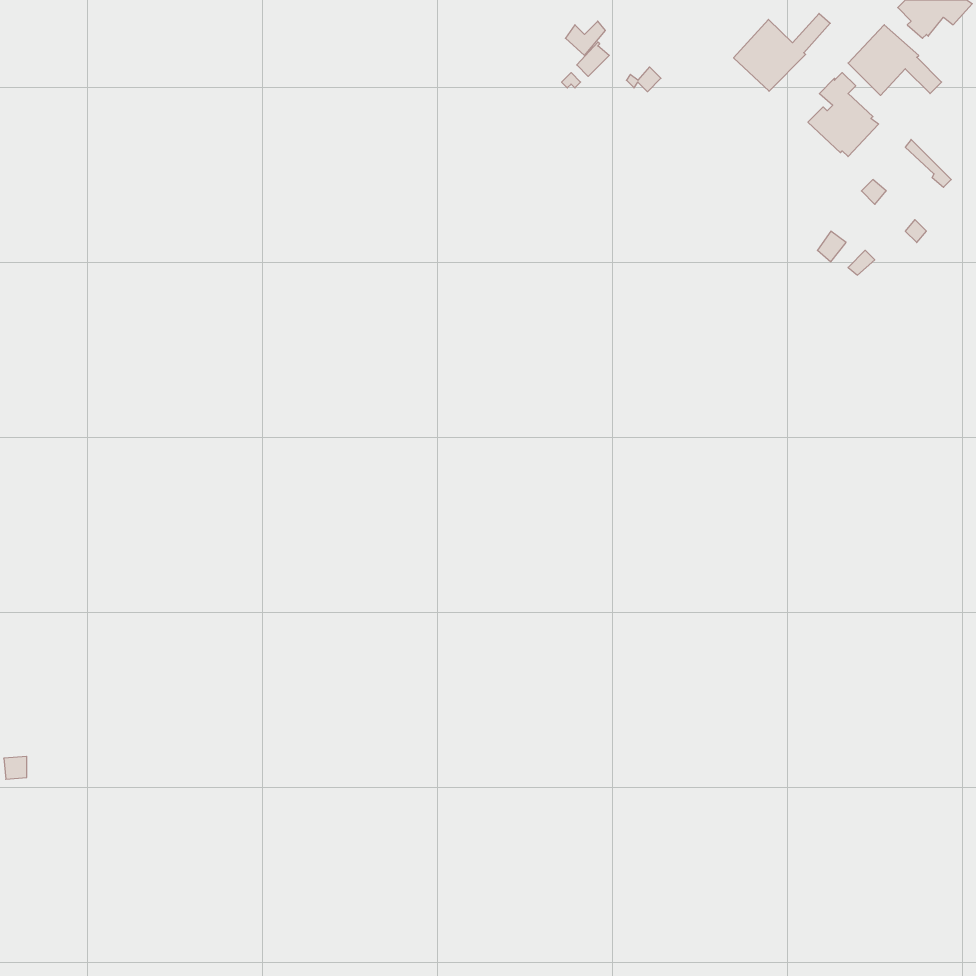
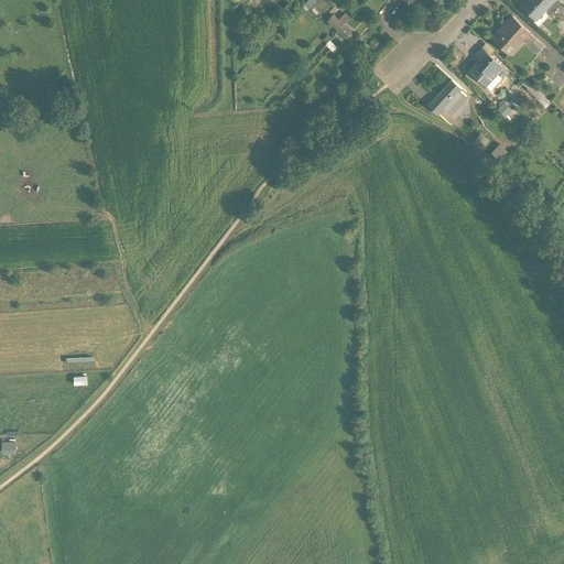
building: [734,13,830,91] -> none
building: none -> [427,79,466,116]

